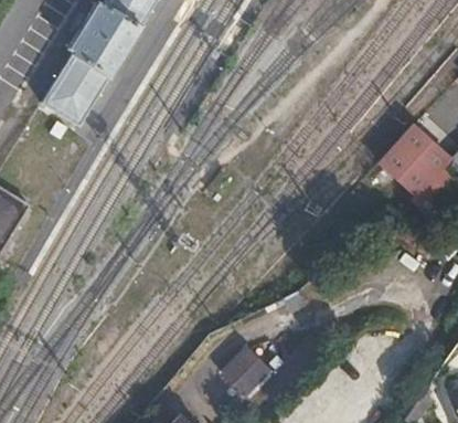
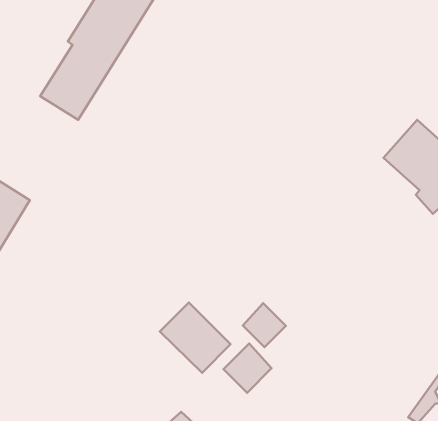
building: none -> [160,303,230,373]
building: none -> [243,303,286,347]

